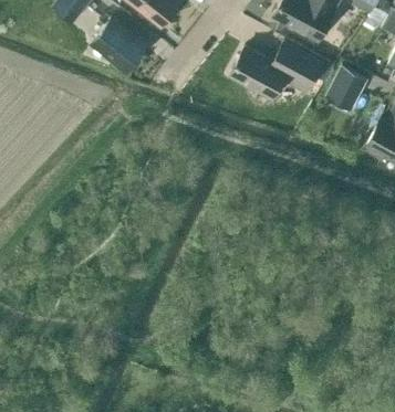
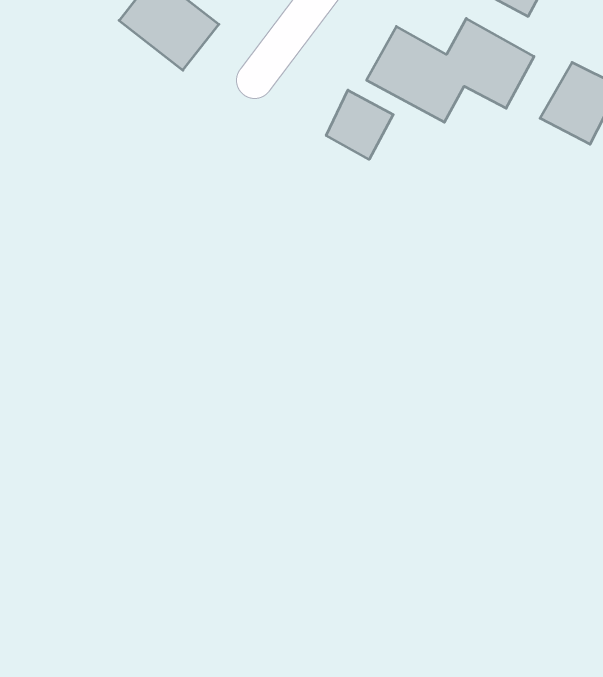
building: none -> [326,90,393,159]

